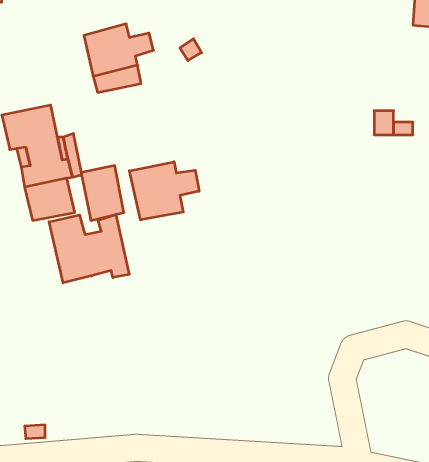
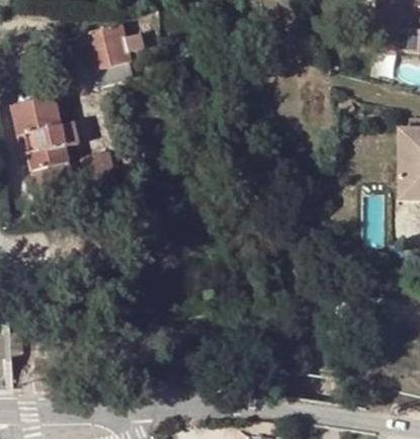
building: [129,162,199,220] -> none
building: [49,214,129,283] -> none

